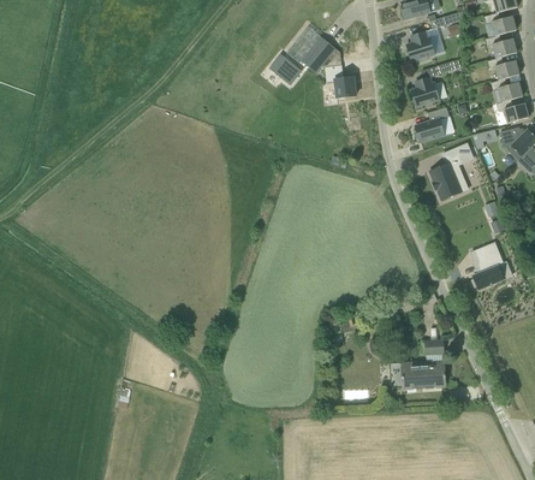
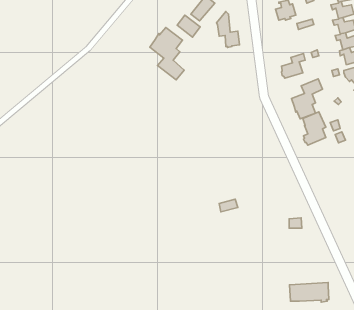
building: none -> [150,27,184,80]
building: [410,76,440,106] -> none
building: [471,242,504,289] -> [303,112,326,145]
building: [390,360,445,387] -> [290,282,329,302]

